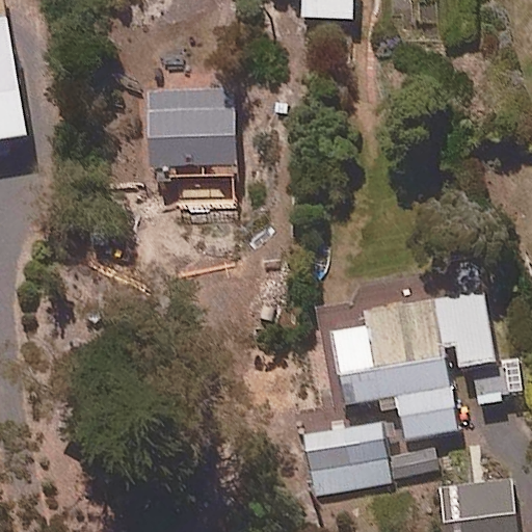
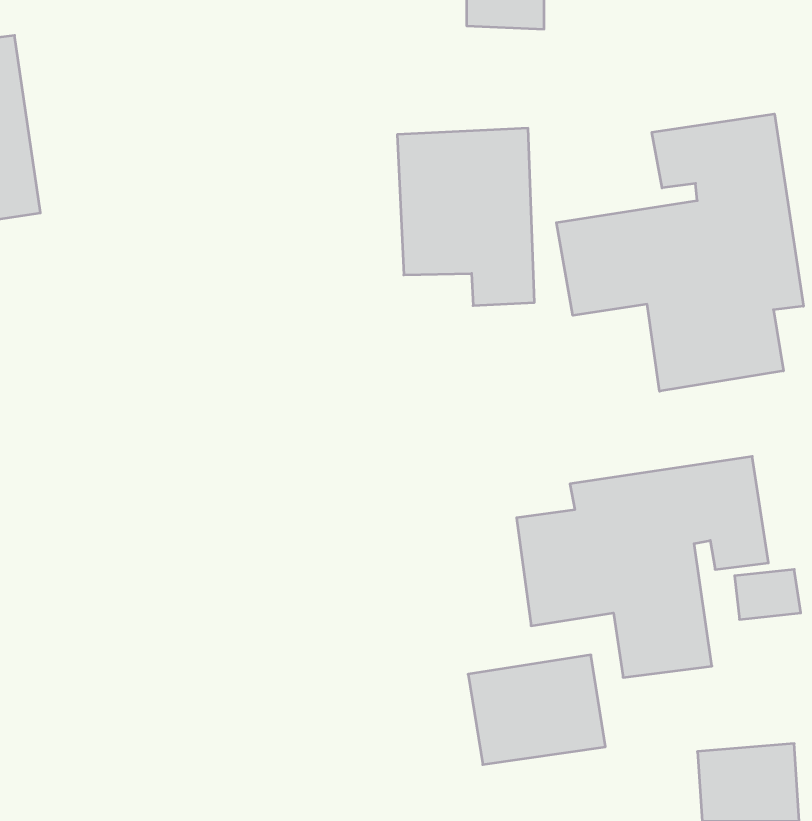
building: none -> [556,114,803,391]
building: [145,87,234,202] -> [397,128,534,306]

